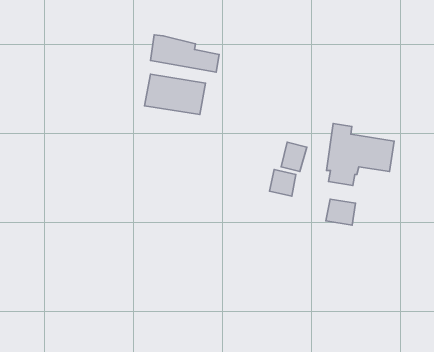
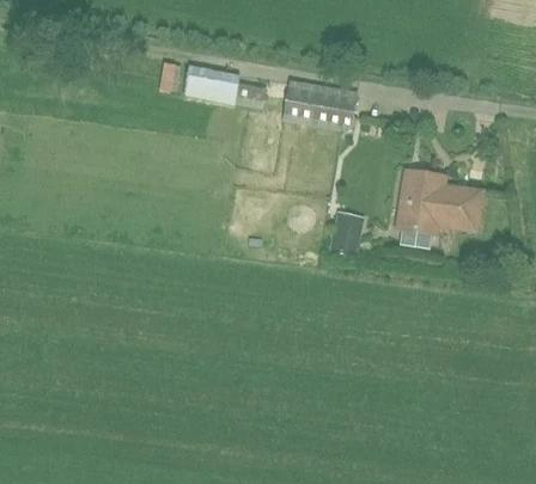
building: [145,74,206,115] -> [282,80,357,129]
building: [326,199,356,225] -> none

